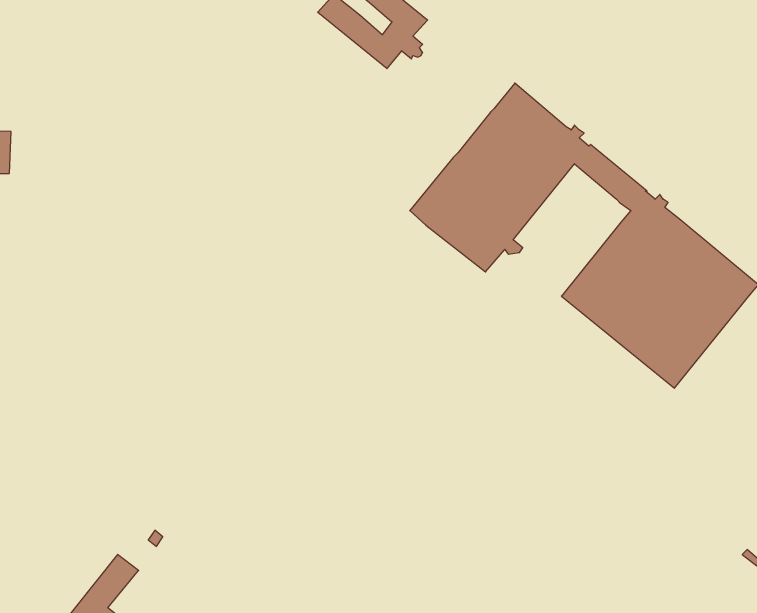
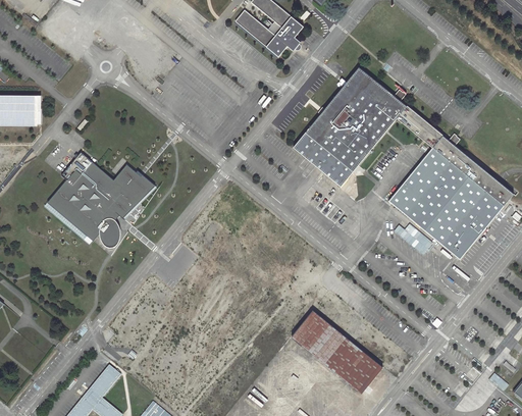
building: none -> [45,152,155,247]
building: none -> [292,310,382,393]

